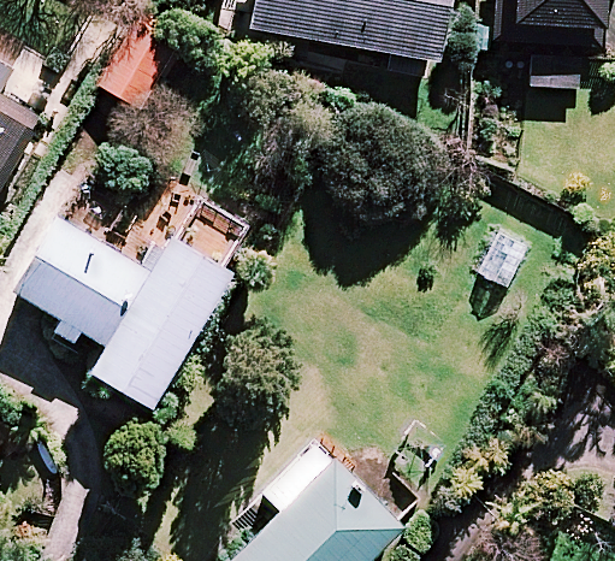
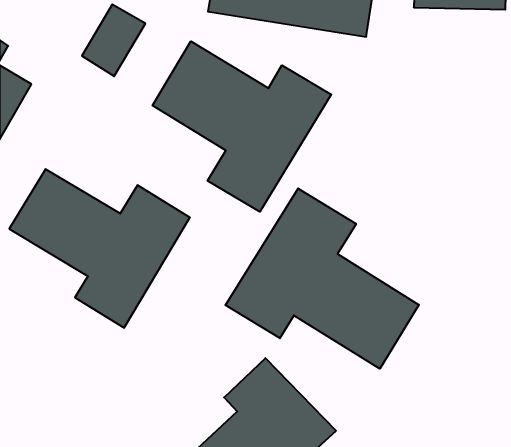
building: none -> [153,41,331,212]
building: none -> [225,188,419,369]

